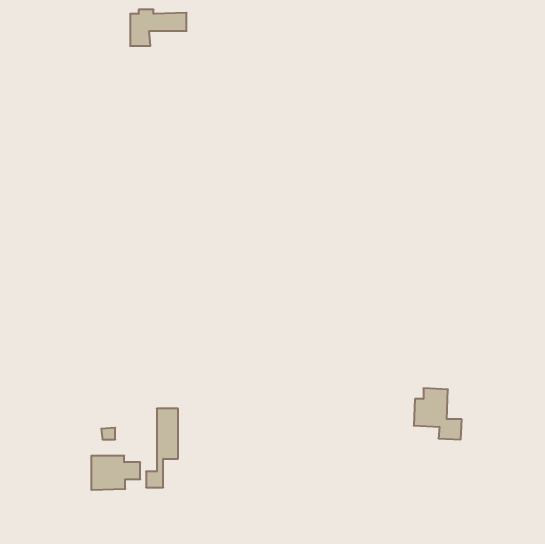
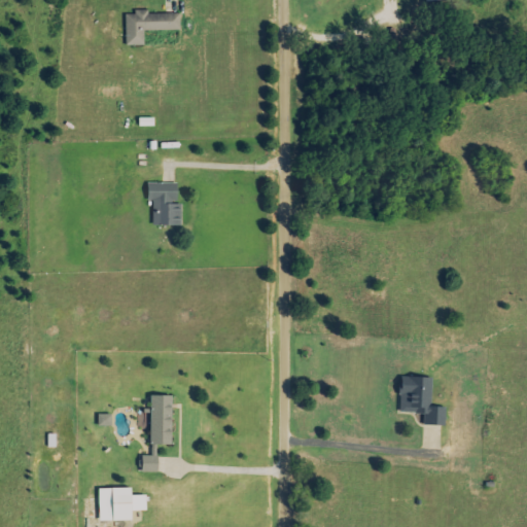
building: none -> [148,182,182,225]
building: [91,456,140,490] -> [99,487,146,520]

